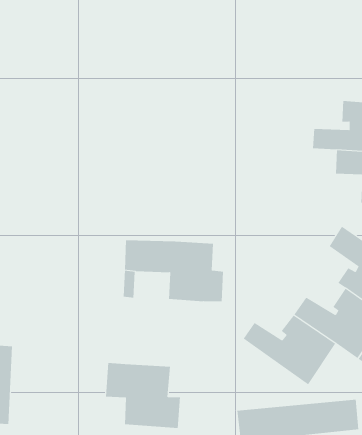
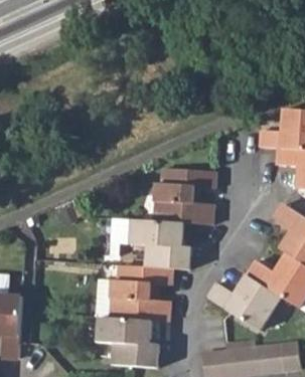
building: none -> [154,168,217,222]
building: none -> [114,264,176,320]

